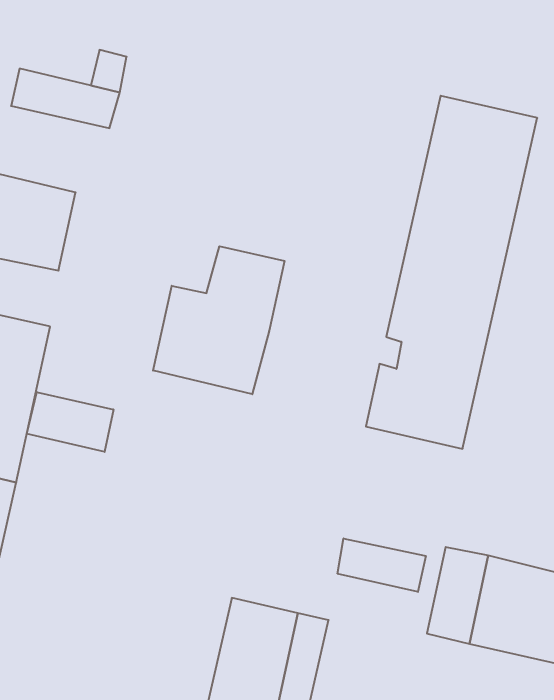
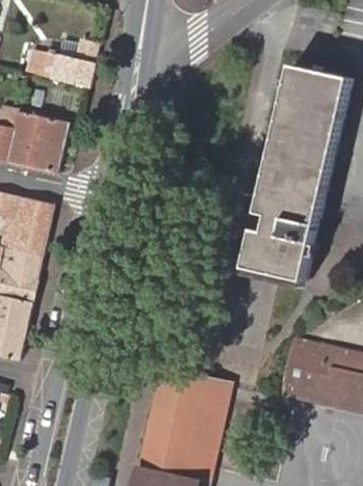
building: [153,246,285,394] -> none
building: [27,392,113,452] -> none
building: [338,538,426,592] -> none

